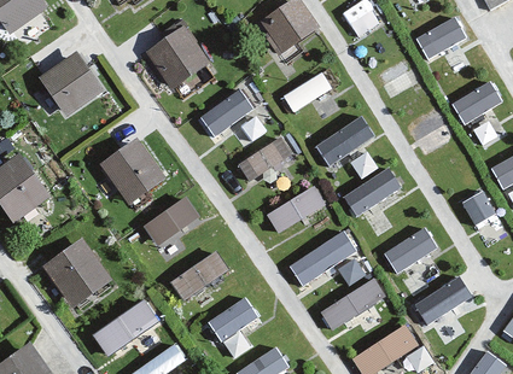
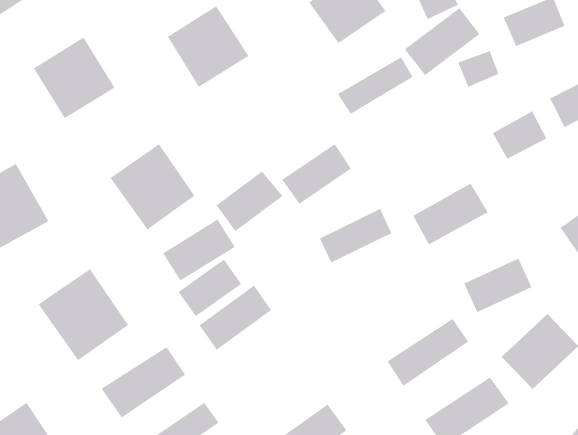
building: [199,88,253,138] -> [216,171,283,232]
building: [314,112,375,168] -> [404,7,480,76]
building: [287,229,357,286] -> none
building: [206,294,258,341] -> [177,259,242,317]

